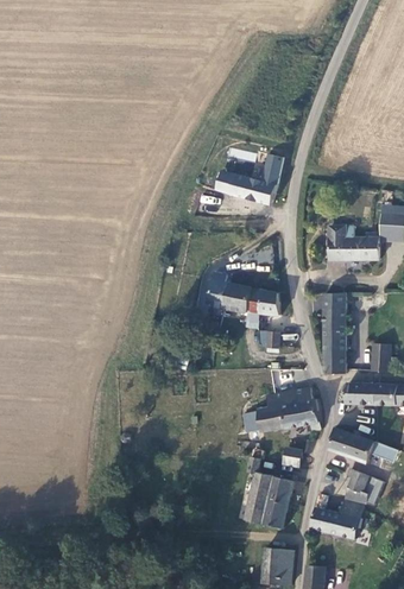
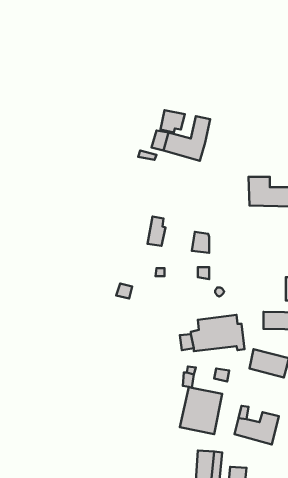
building: [225,286,264,314] -> none
building: [323,293,345,374] -> none
building: [343,468,368,504] -> none

